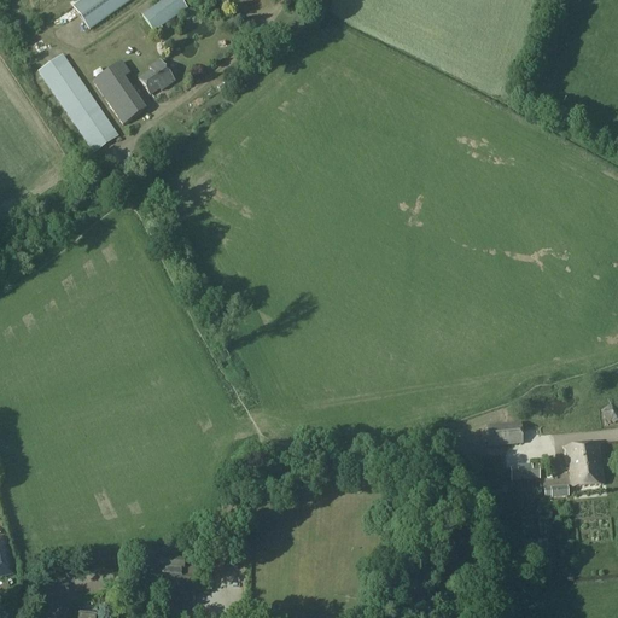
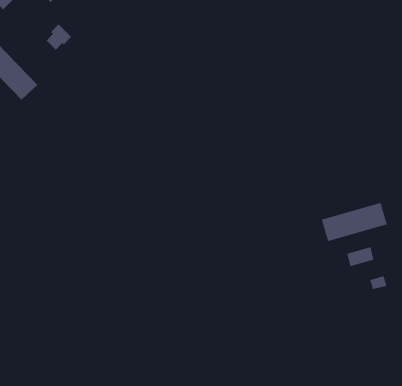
building: [92,60,145,124] -> none
building: none -> [321,202,387,242]

